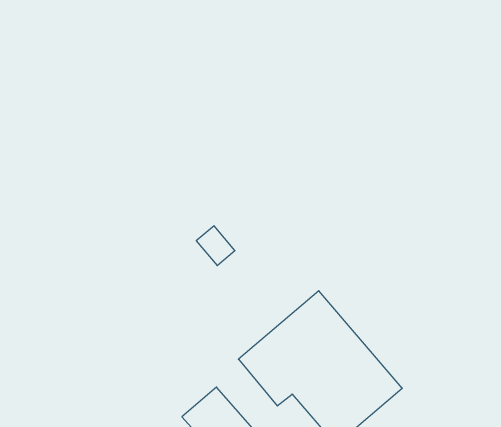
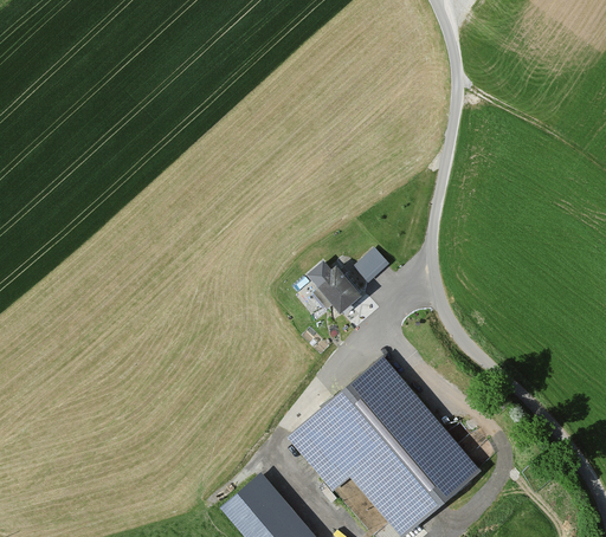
building: none -> [350,250,383,283]
building: [196,226,235,266] -> [307,266,353,313]

